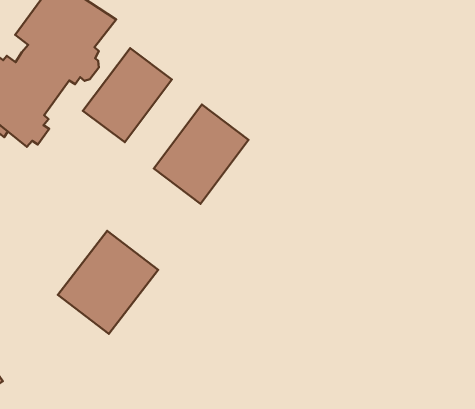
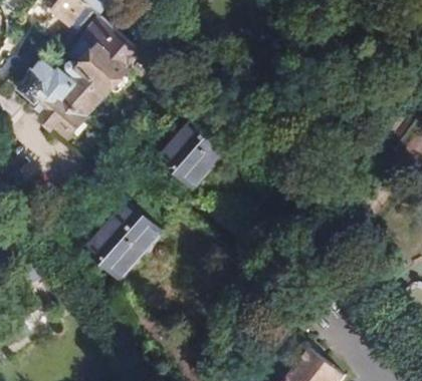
building: [83,48,172,142] -> none

